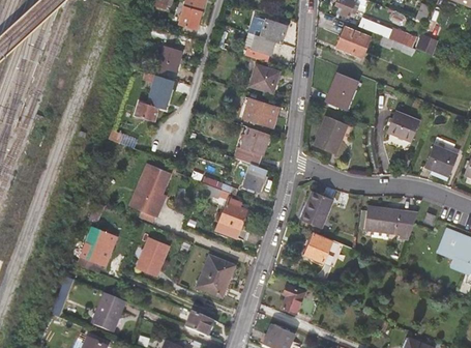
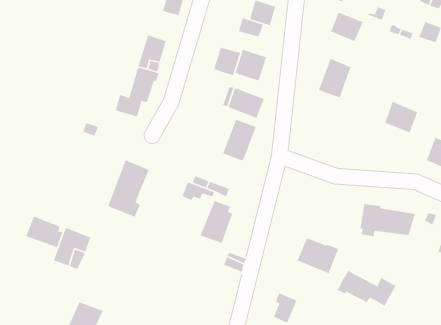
building: none -> [213,47,241,76]
building: [313,114,345,152] -> none
building: [243,164,269,192] -> none
building: [300,193,331,229] -> none
building: none -> [25,216,64,248]
building: [135,236,168,276] -> none
building: [200,256,234,294] -> none
building: none -> [336,270,396,307]

